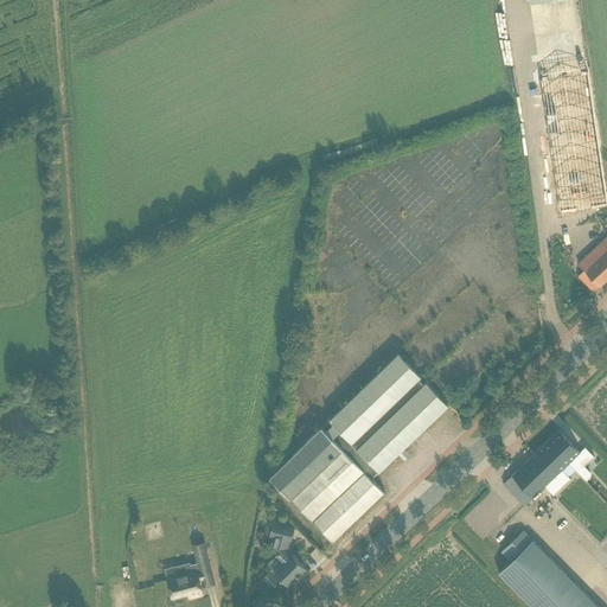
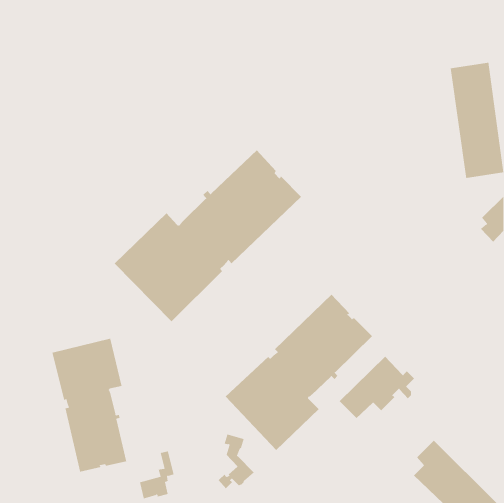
building: none -> [114,149,302,322]
building: none -> [52,338,127,473]
building: [503,430,594,506] -> [339,356,415,419]

